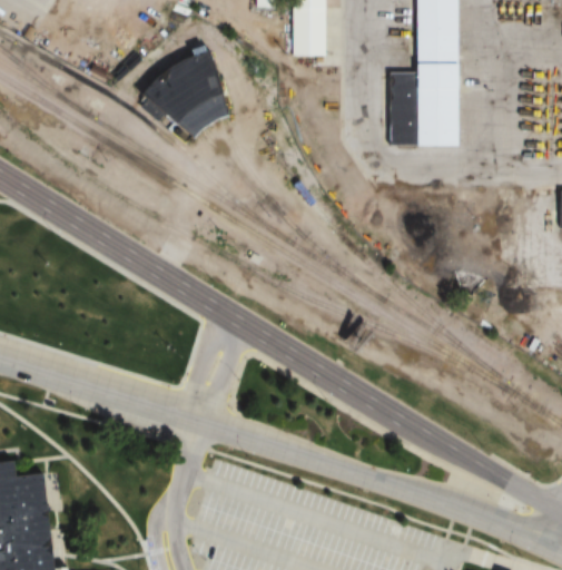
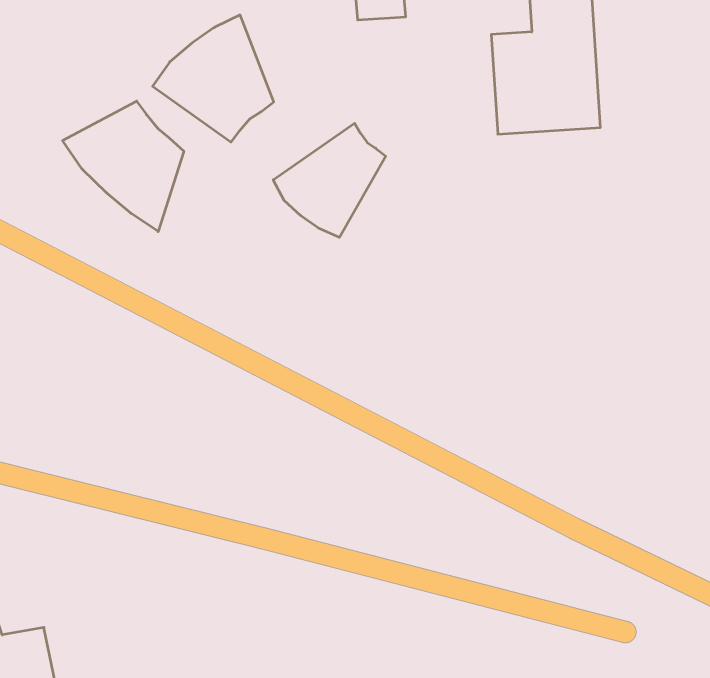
building: none -> [63,101,184,232]
building: none -> [273,123,386,237]

